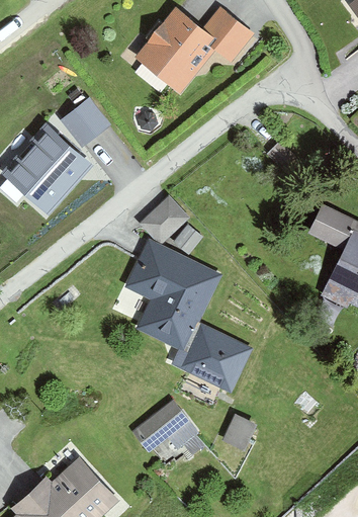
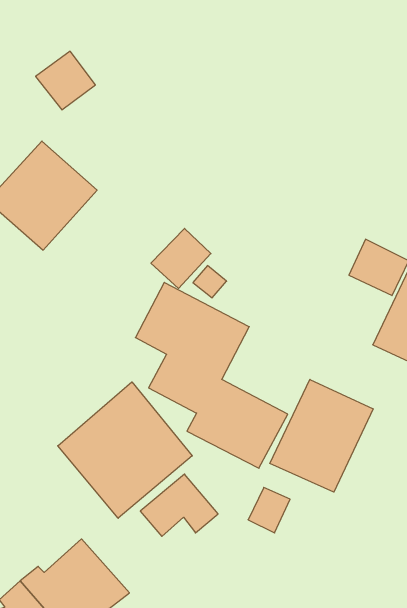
building: [135,6,254,93] -> none
building: [61,96,111,146] -> [36,51,95,110]
building: none -> [270,379,373,492]
building: none -> [58,382,192,518]

